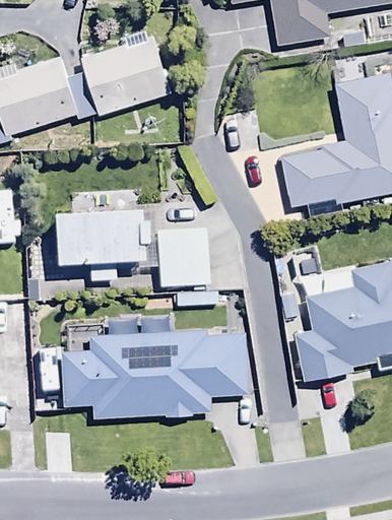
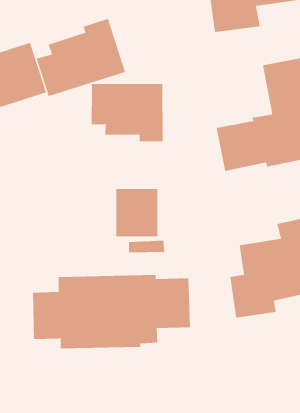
building: none -> [91,83,163,142]
building: [63,211,156,279] -> none

